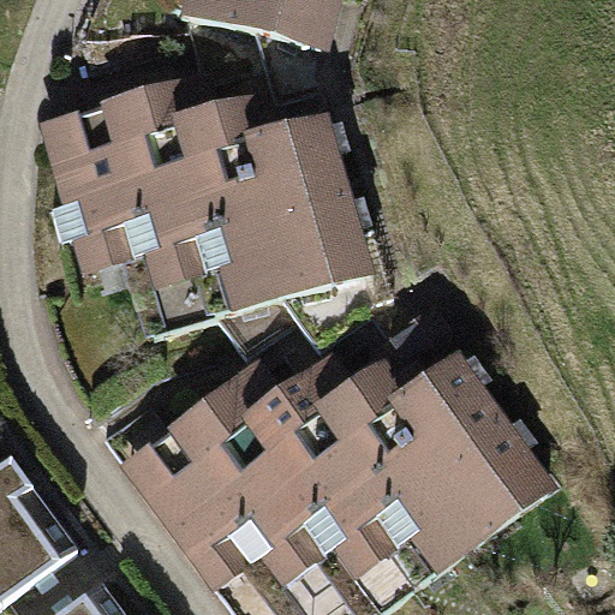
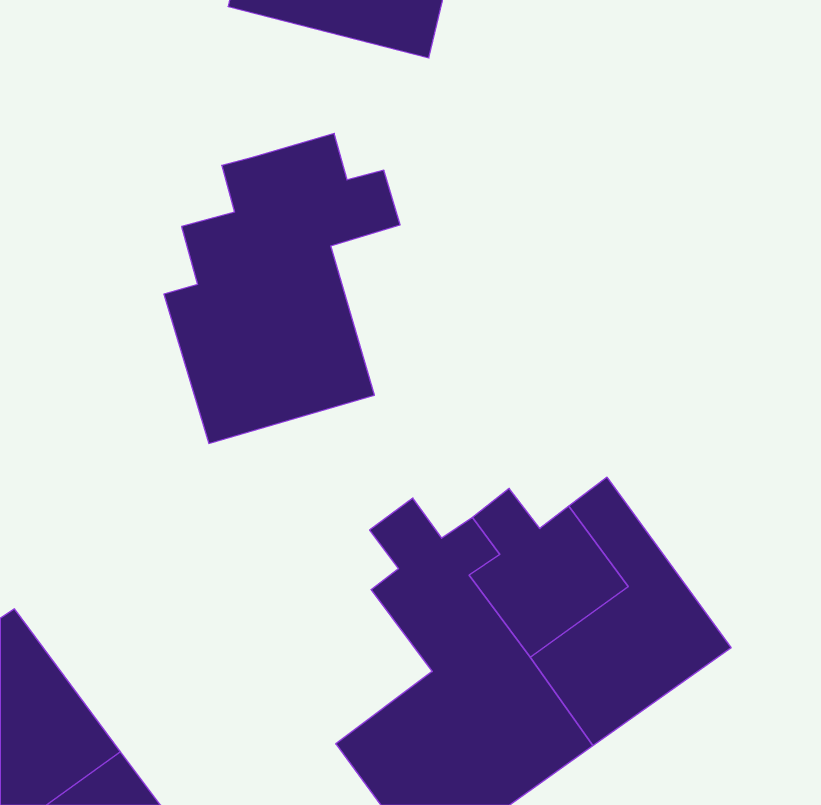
building: [53,82,189,235] -> none
building: [247,118,366,295] -> none
building: [149,381,323,556] -> none

